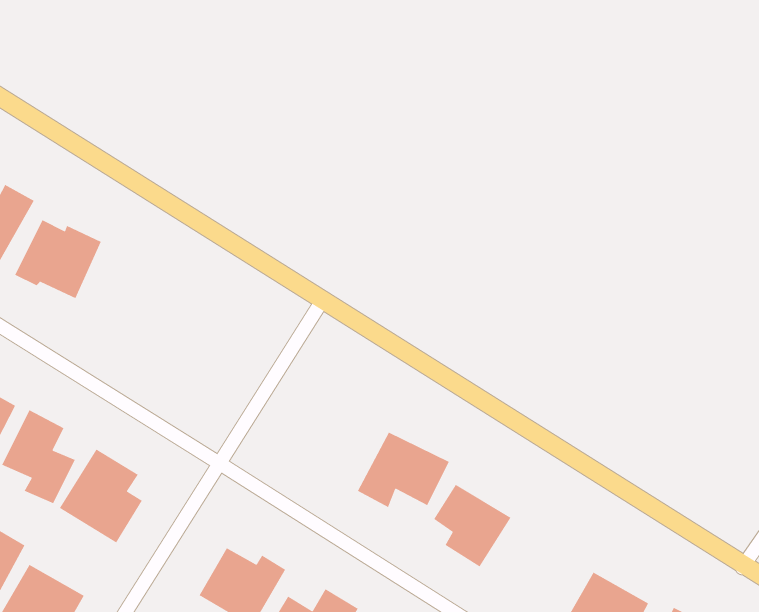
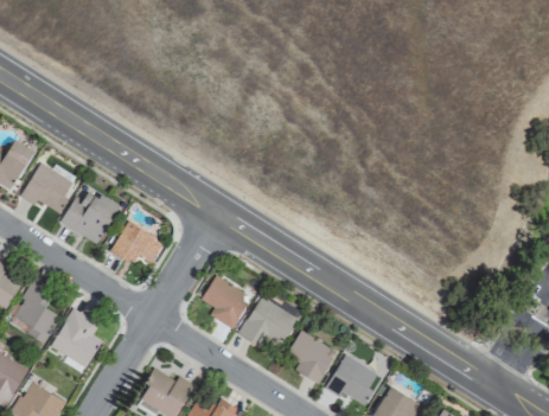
building: none -> [60,192,121,245]
building: none -> [110,222,165,265]
building: none -> [202,277,251,329]
building: none -> [326,354,378,405]

